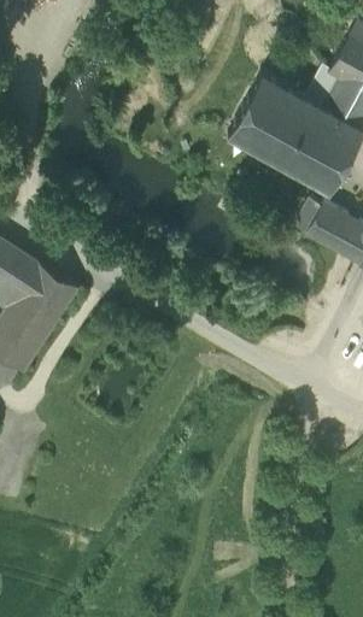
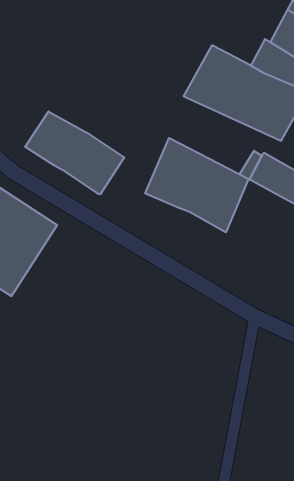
building: none -> [25,111,124,194]
building: none -> [145,138,248,232]

